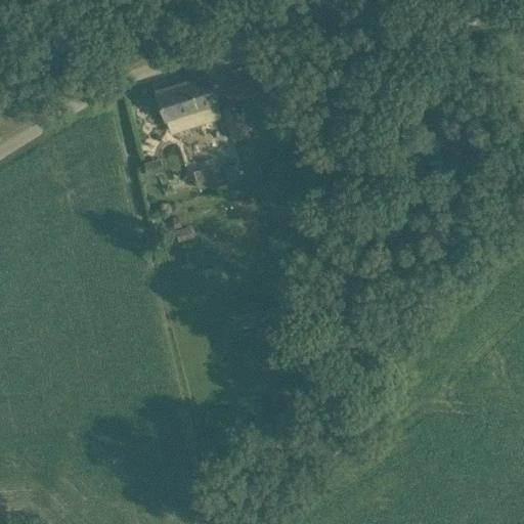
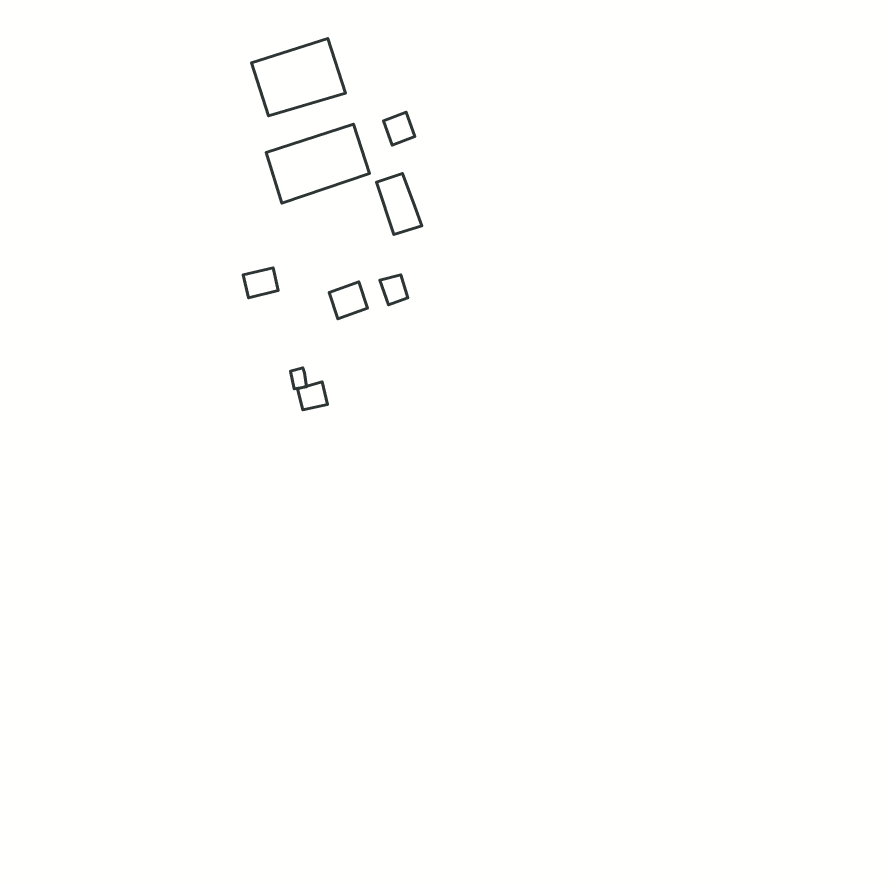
building: none -> [252,38,346,116]

